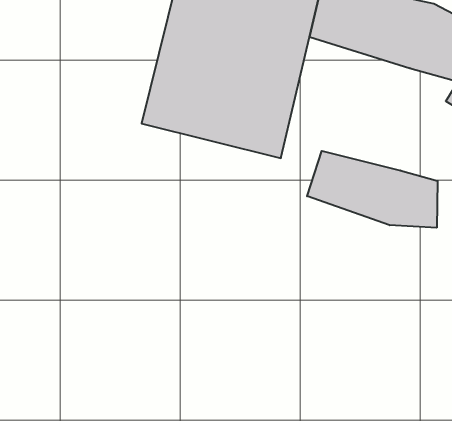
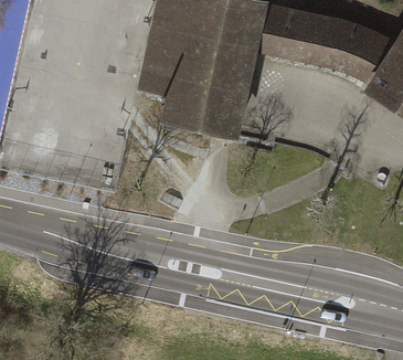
building: [307,151,438,228] -> none

